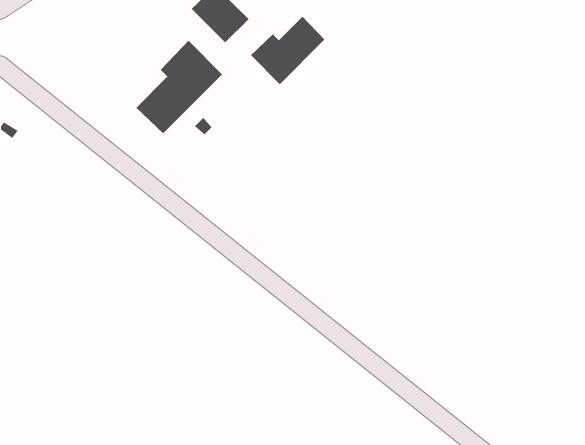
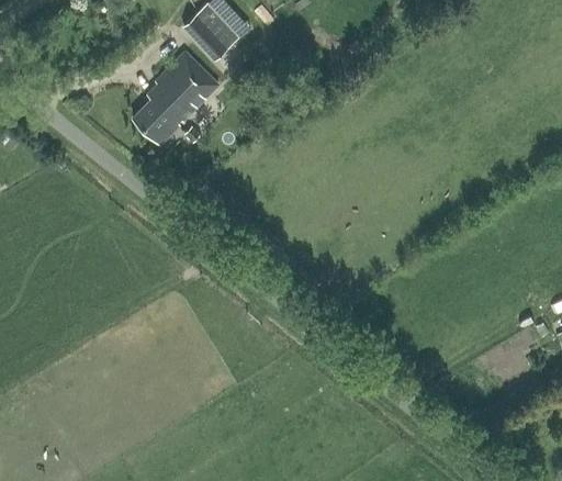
building: [250,16,325,85] -> none

